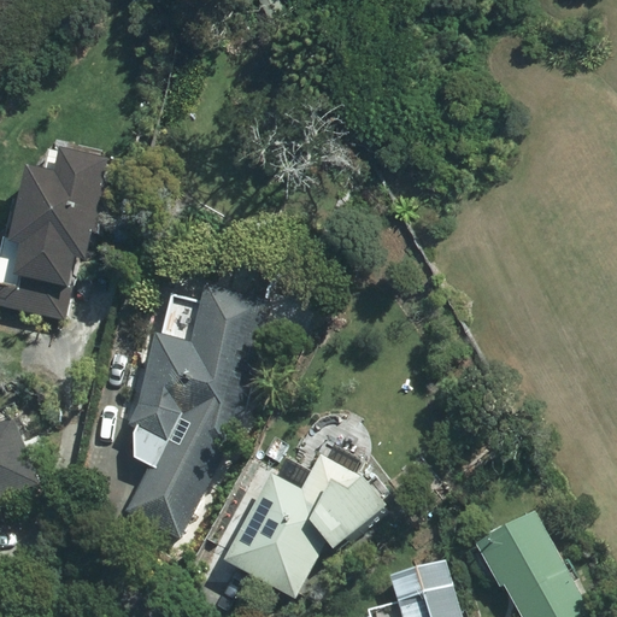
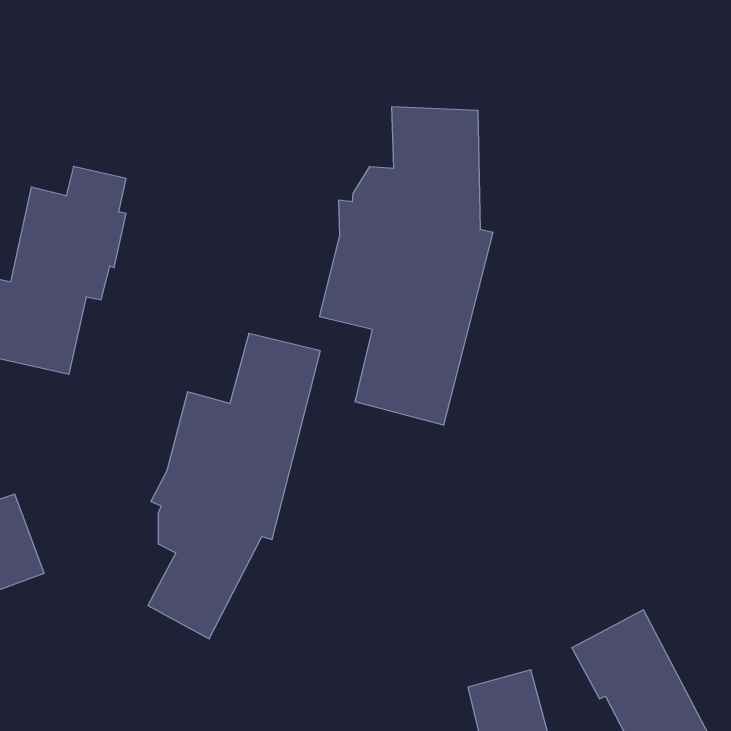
building: none -> [319,107,493,425]
building: [224,454,386,595] -> none

